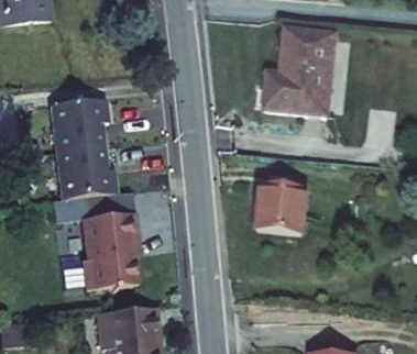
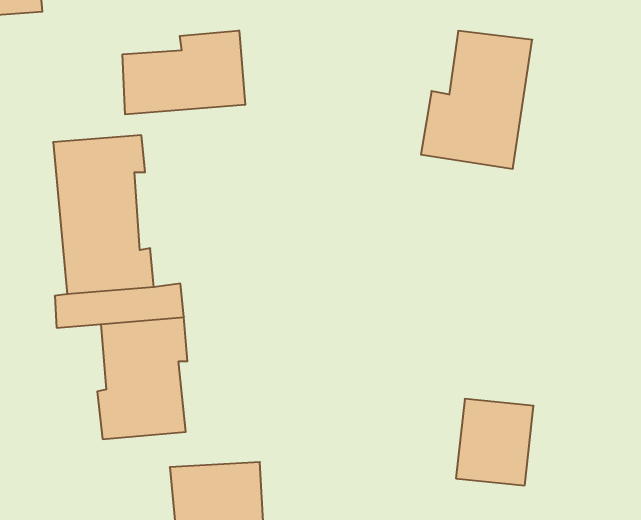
building: none -> [123,30,245,114]
building: [257,180,306,234] -> [456,399,534,485]

